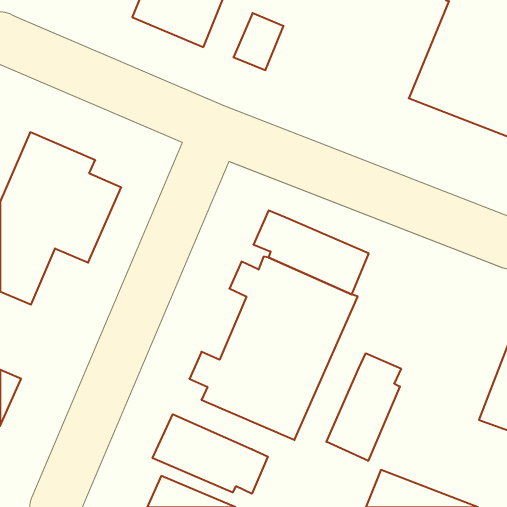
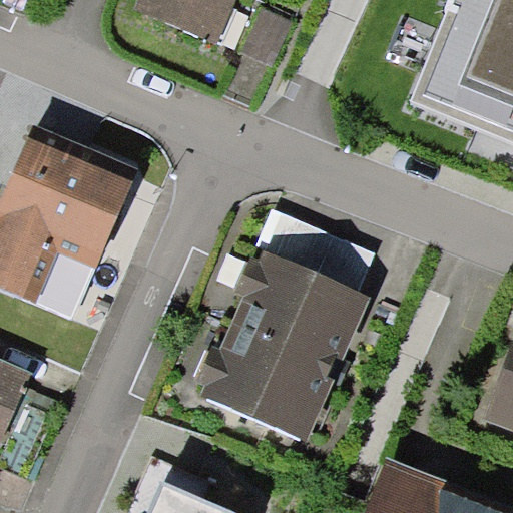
building: [326,353,401,461] -> none
building: [153,414,268,494] -> none

